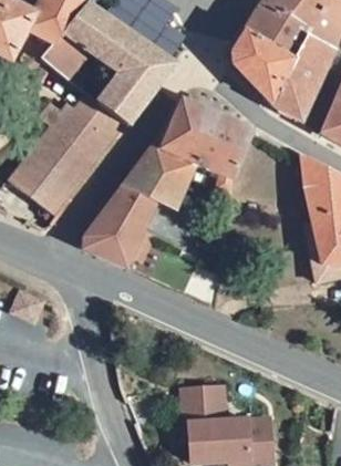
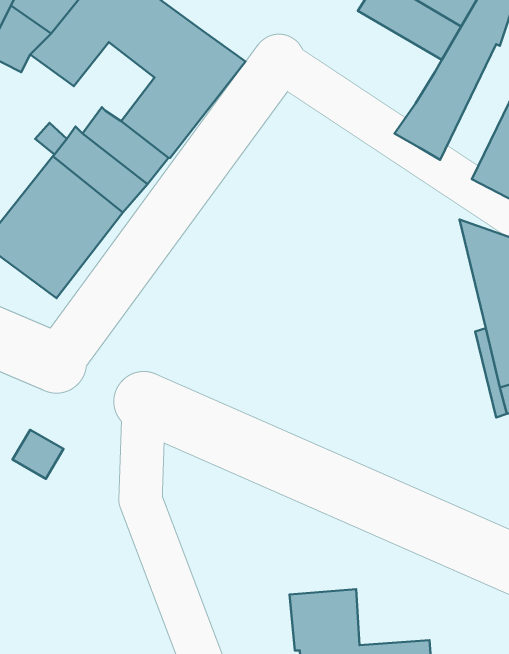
building: [226,29,293,106] -> none
building: [74,95,242,261] -> none

